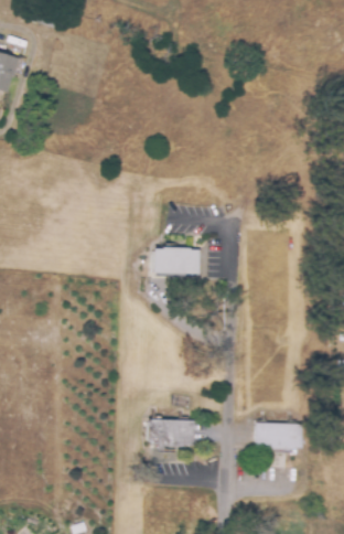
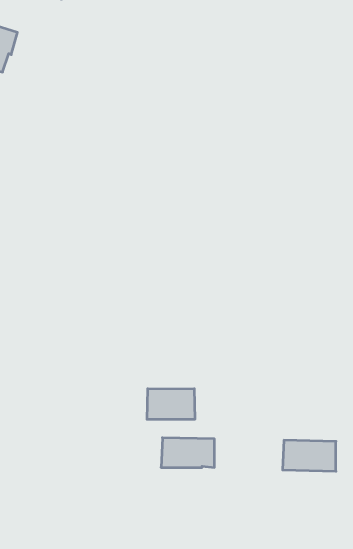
building: [153,247,205,274] -> none
building: none -> [147,389,195,419]

